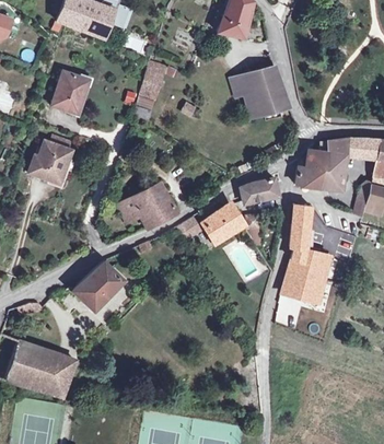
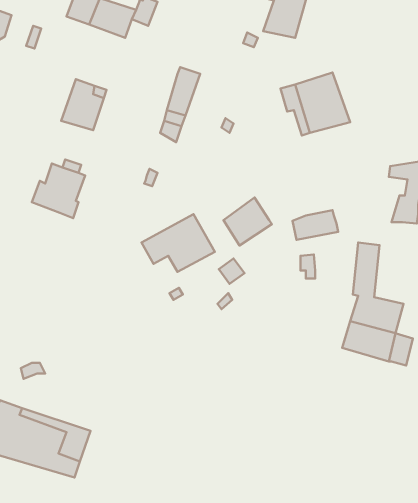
building: [295,150,335,188] -> none
building: [203,203,243,243] -> [224,197,272,246]
building: [73,260,124,309] -> none

